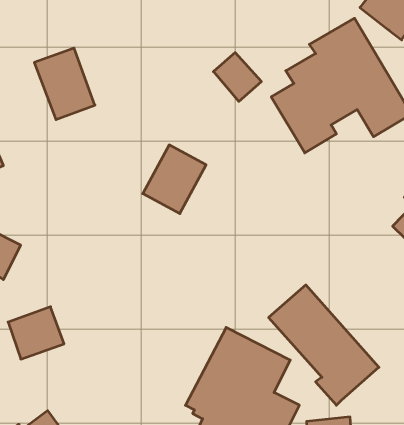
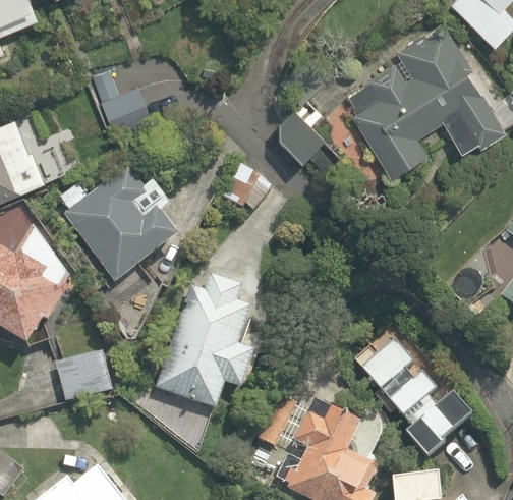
building: [213,53,261,101] -> [271,107,325,162]
building: none -> [64,169,178,285]
building: none -> [153,276,267,408]

